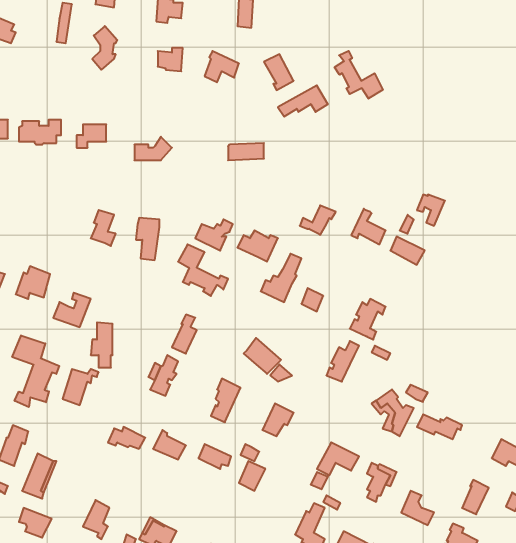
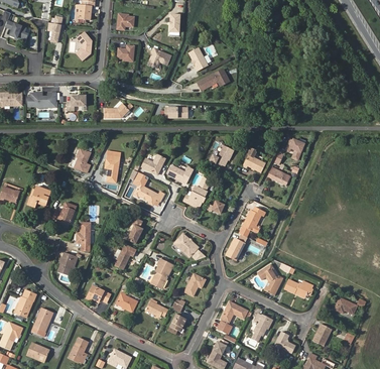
building: [335,51,383,99] -> none
building: [12,335,59,407] -> none

